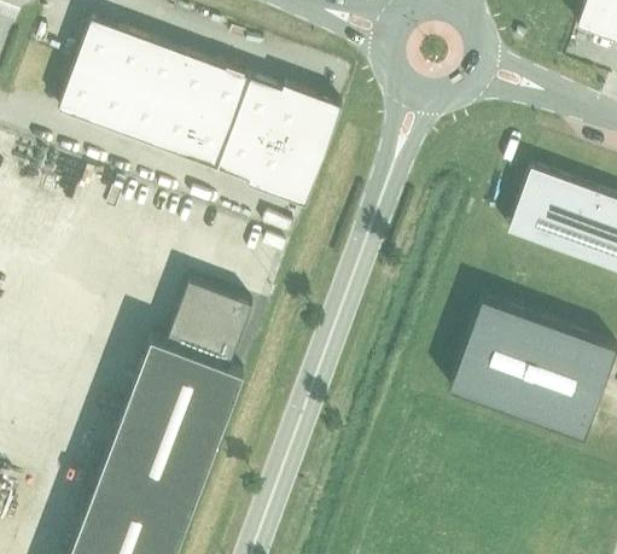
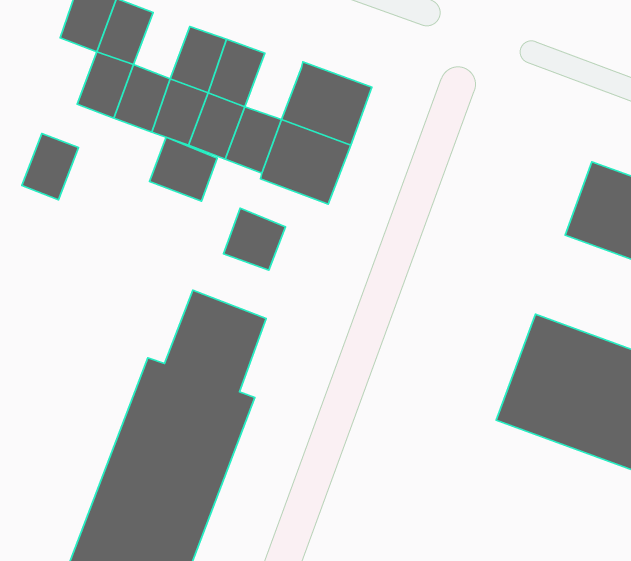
building: [139,42,187,99] -> none
building: [59,64,107,121] -> [22,133,78,200]
building: [234,77,283,134] -> none
building: none -> [149,137,217,201]
building: none -> [223,208,285,270]

